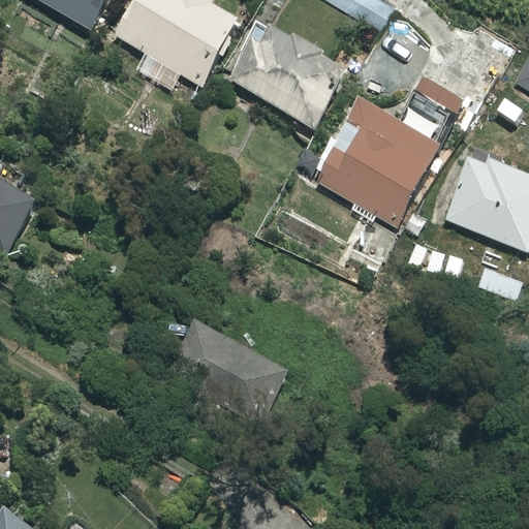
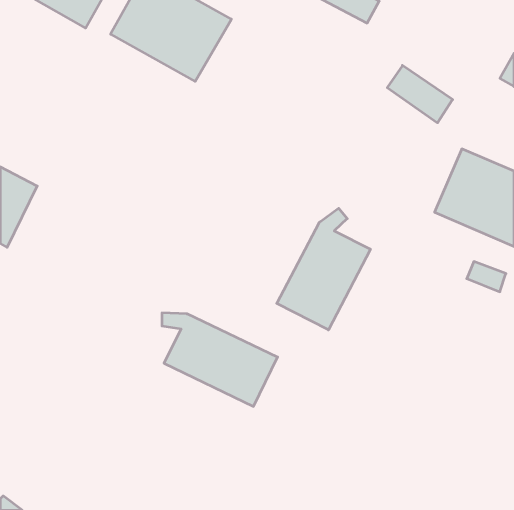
building: [227,23,345,126] -> none
building: [314,102,436,224] -> none
building: none -> [277,208,370,330]

